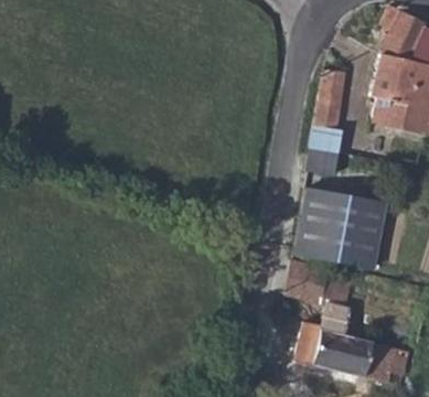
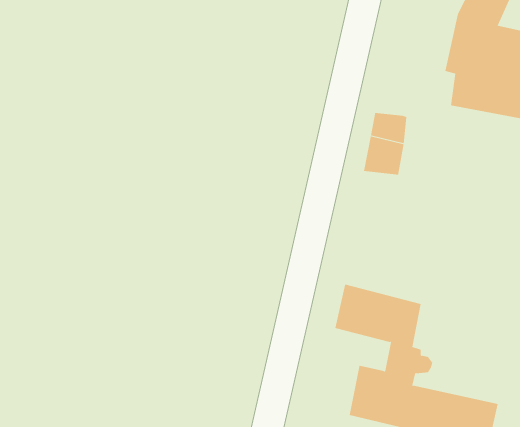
building: [314,69,343,129] -> none
building: [296,190,383,268] -> none

